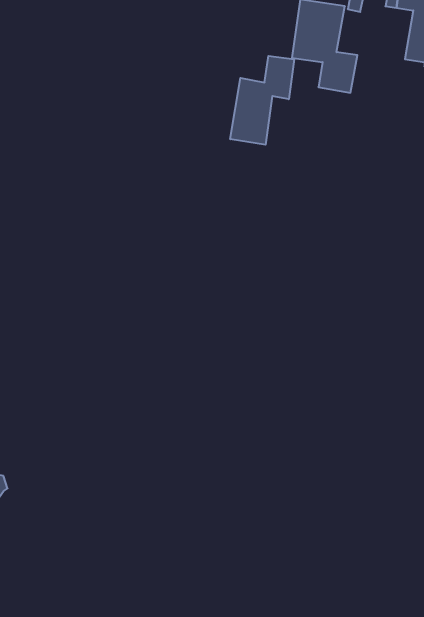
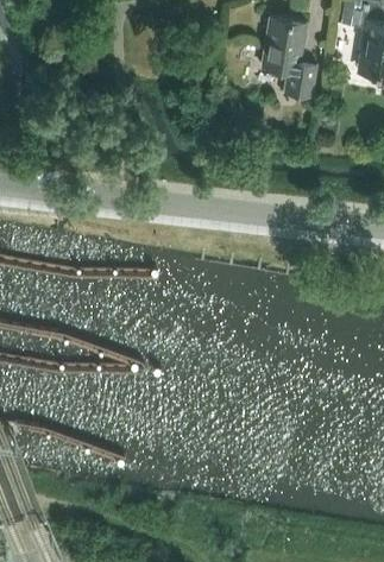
building: [230,56,294,145] -> none

